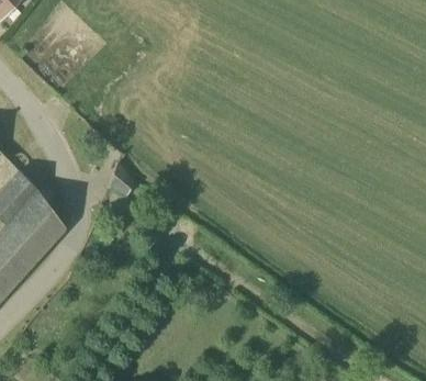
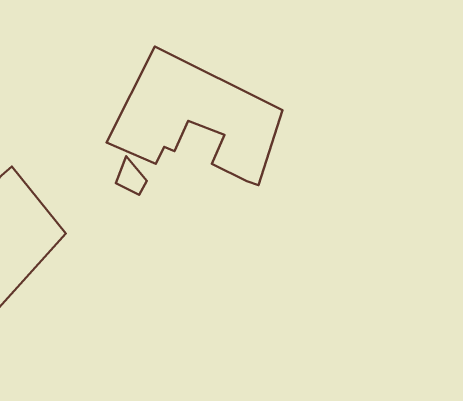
building: none -> [107,46,282,185]

